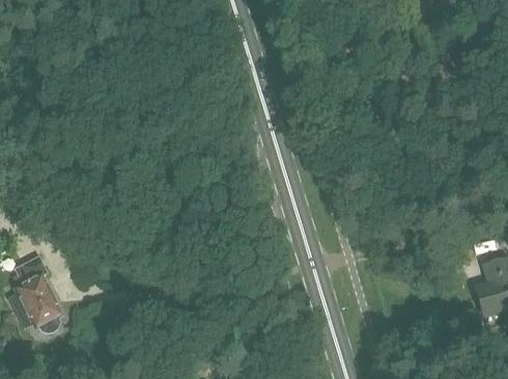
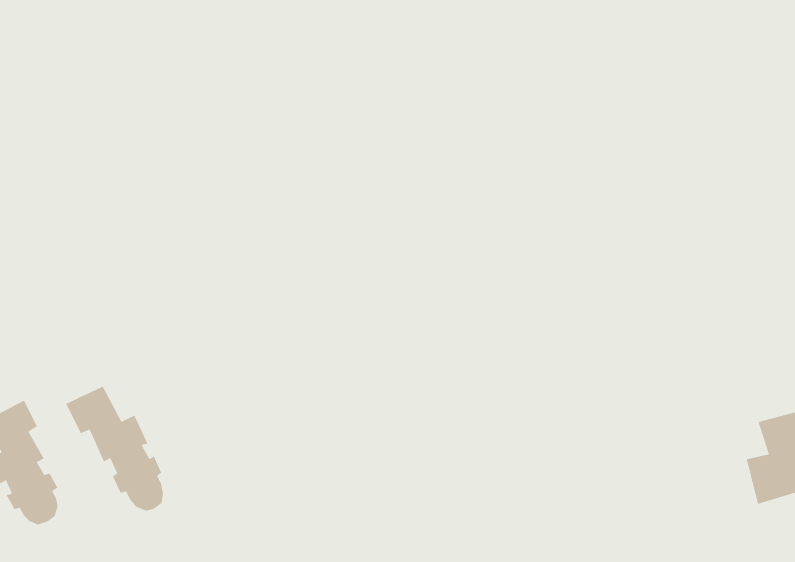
building: none -> [65,386,164,511]

